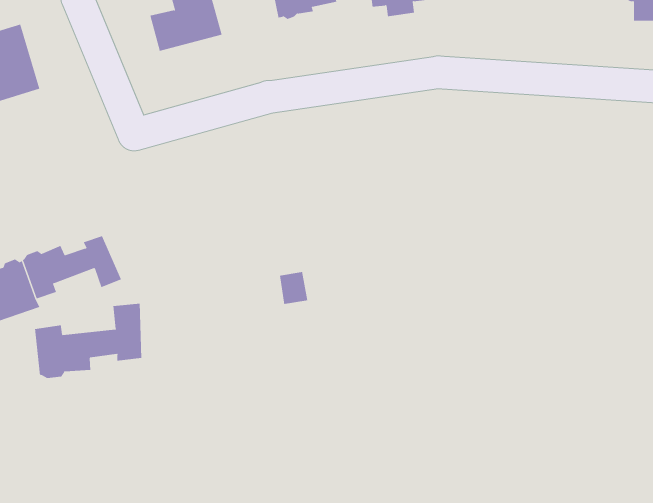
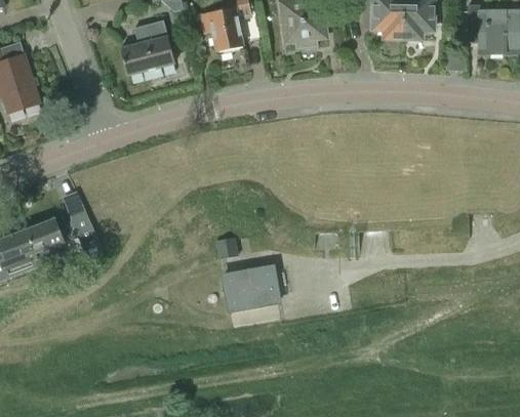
building: [35,303,142,379] -> none
building: none -> [224,266,279,310]

